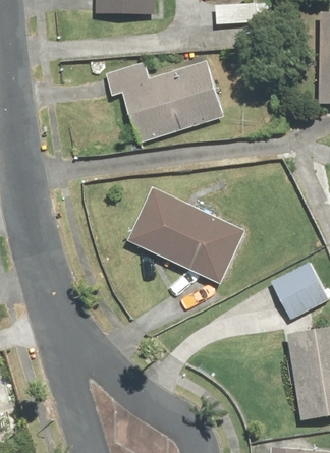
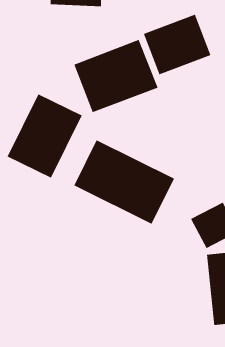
building: none -> [143,14,211,75]
building: none -> [7,93,83,179]

